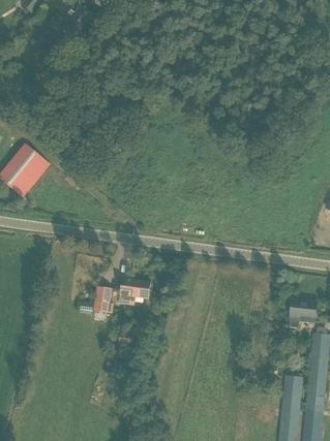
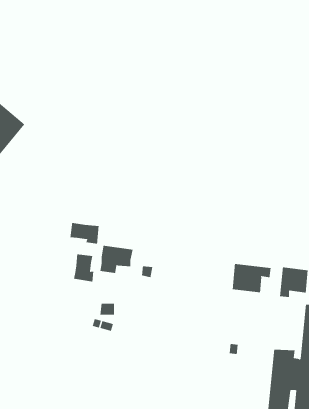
building: none -> [70,222,99,245]
building: none -> [232,263,271,293]

